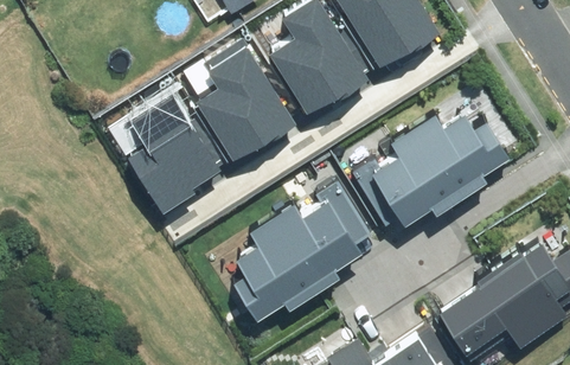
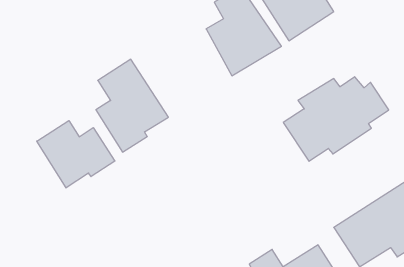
building: [196,49,293,161] -> none
building: none -> [37,121,115,188]
building: [232,203,359,319] -> none

